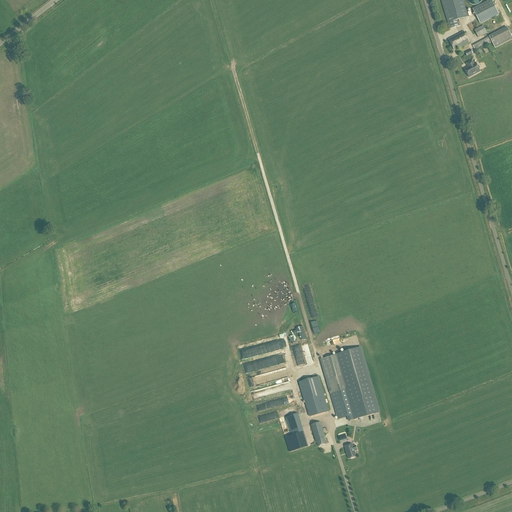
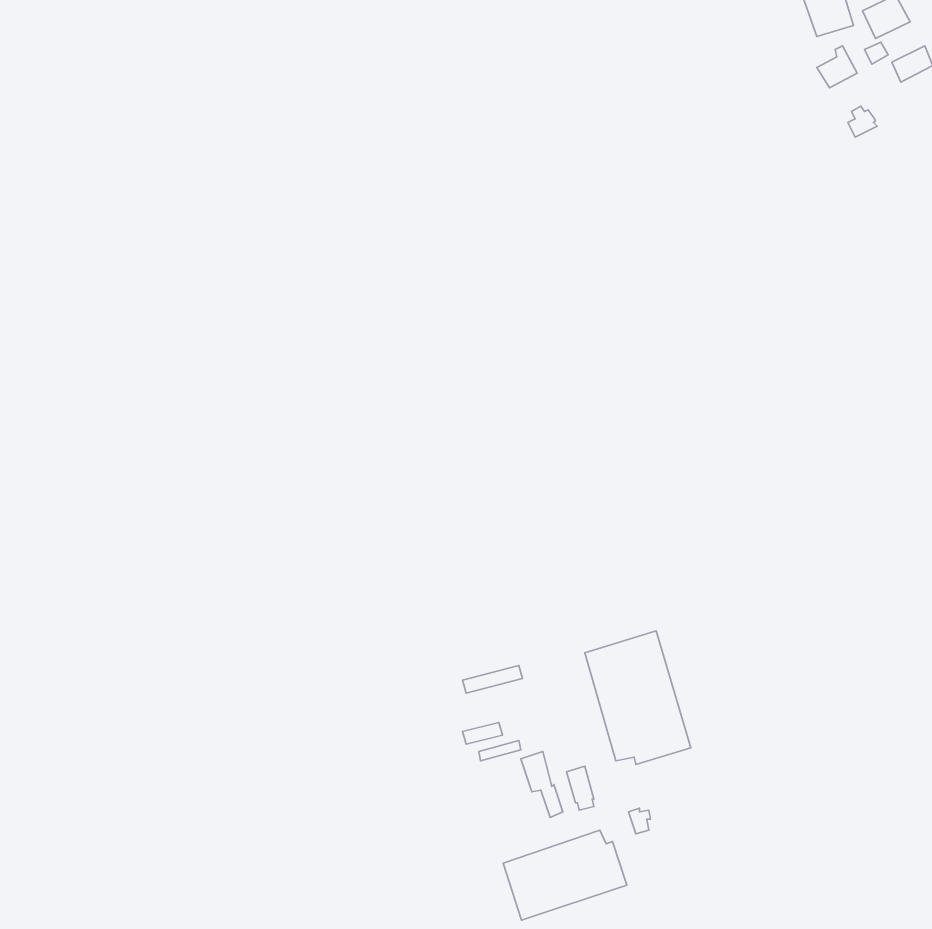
building: [299,374,327,414] -> none
building: none -> [503,830,627,920]

